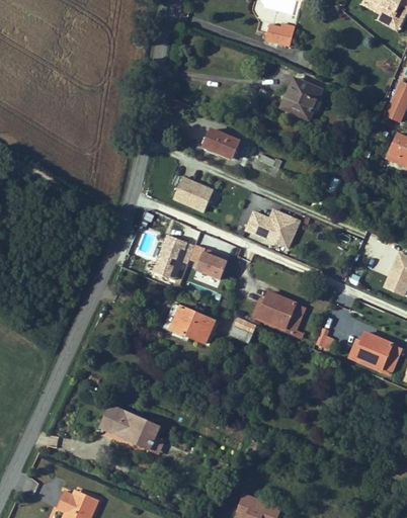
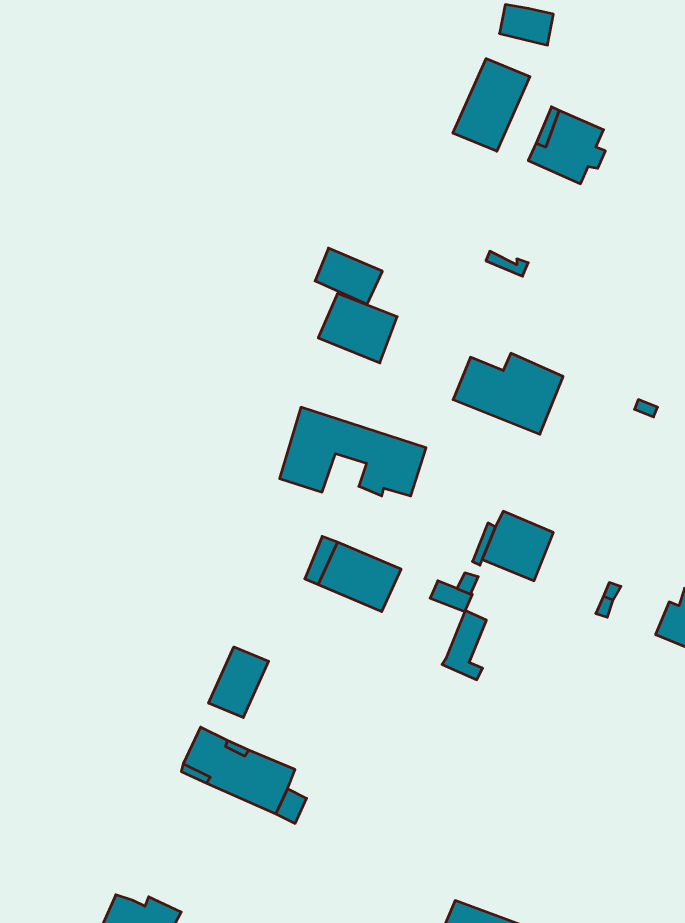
building: none -> [453,59,530,151]
building: [205,128,240,158] -> [315,248,382,304]
building: [283,301,307,338] -> [442,610,486,680]
building: none -> [209,647,269,718]

